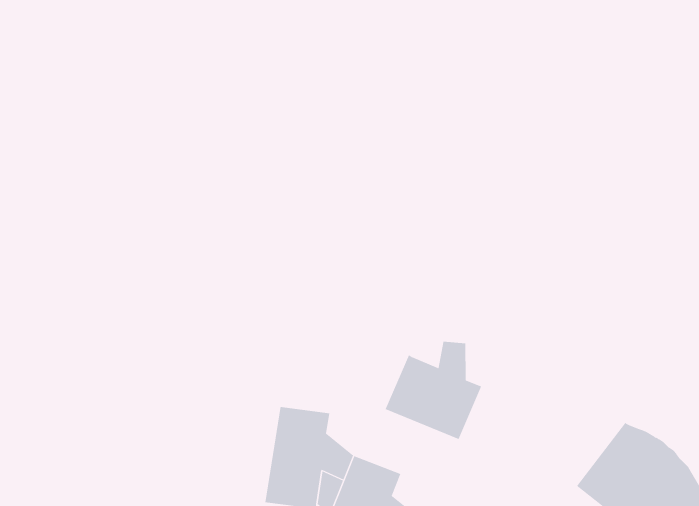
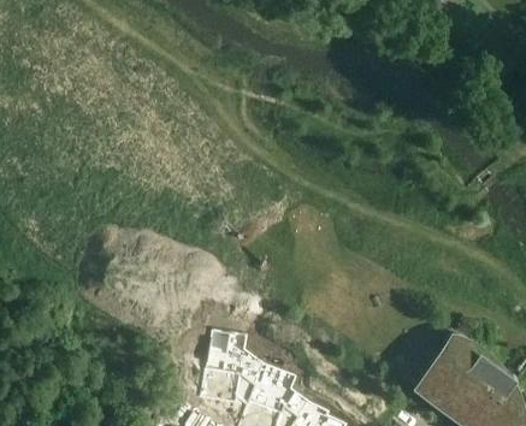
building: [385,341,482,440] -> none

